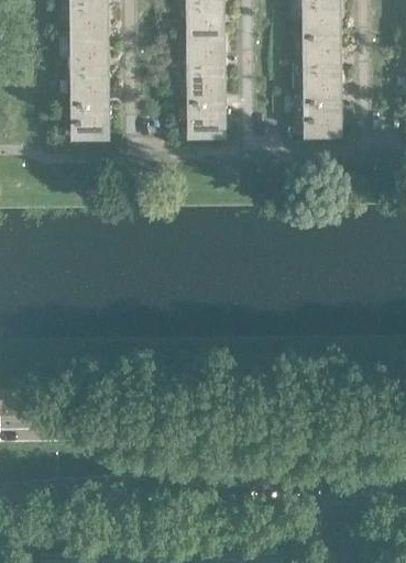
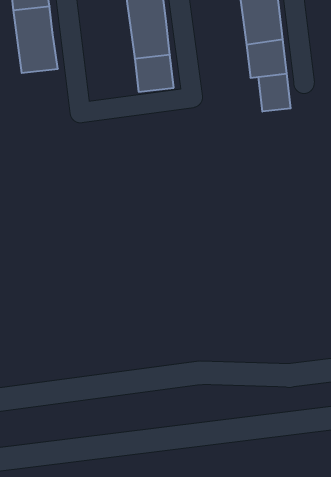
building: [70,104,108,140] -> none
building: none -> [258,74,291,112]

